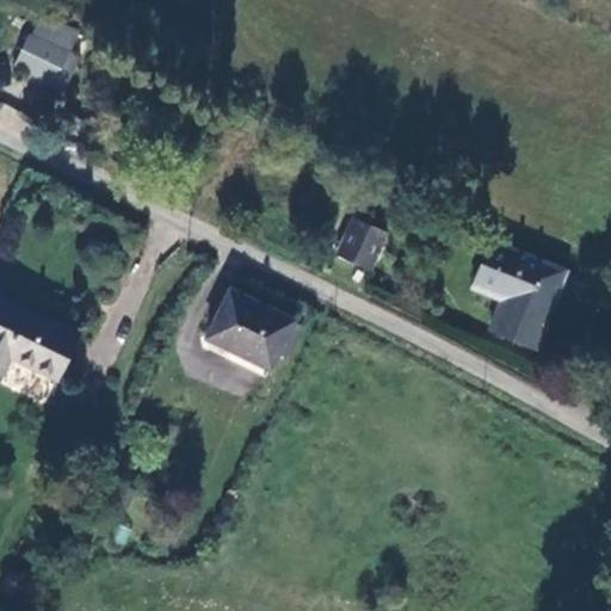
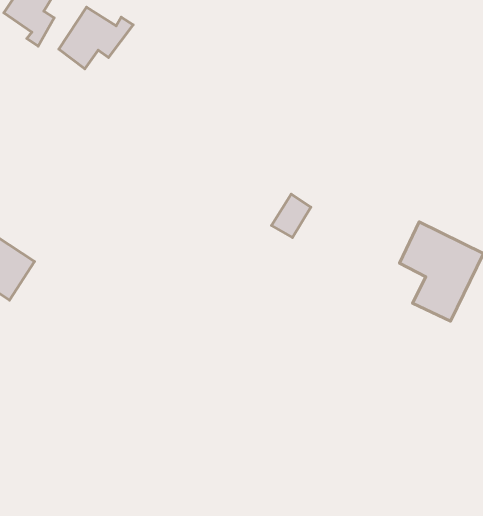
building: none -> [59,7,133,69]
building: [208,290,289,364] -> none

